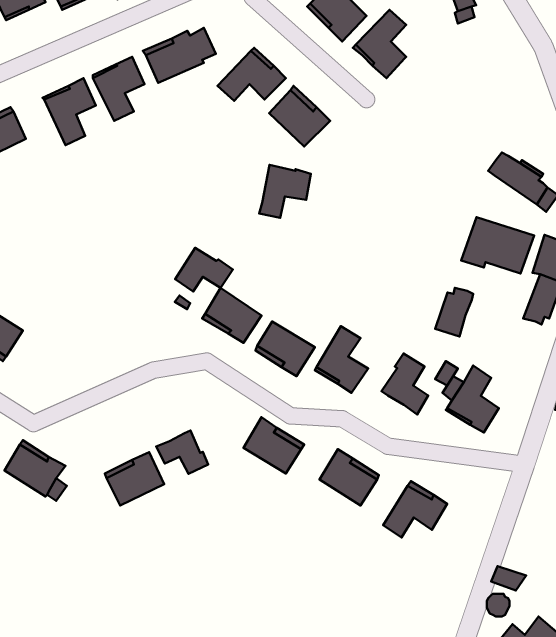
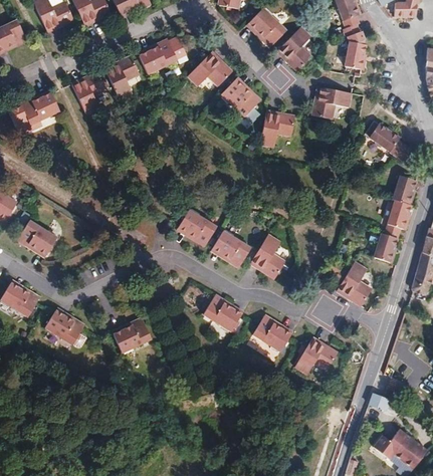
building: none -> [338,39,359,65]
building: none -> [311,85,352,116]
building: [259,165,311,218] -> [259,110,293,146]
building: [461,217,534,274] -> none
building: [175,248,233,291] -> none
building: [435,288,473,336] -> [375,229,400,261]
building: [381,354,428,414] -> none
building: [156,430,208,474] -> none

